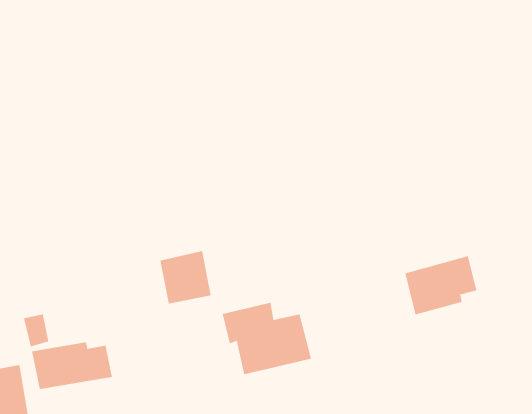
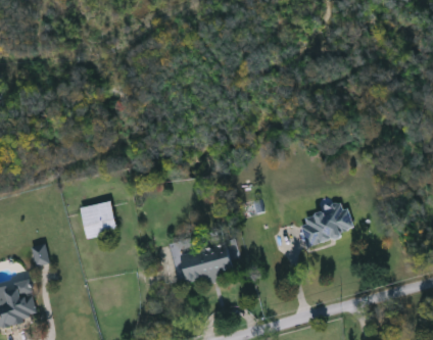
building: [159,250,212,304] -> [80,201,116,239]
building: [31,342,112,390] -> none

